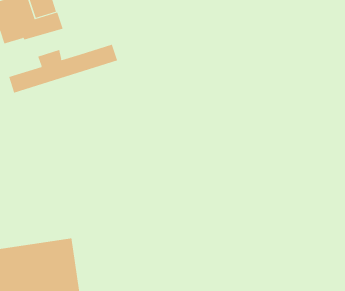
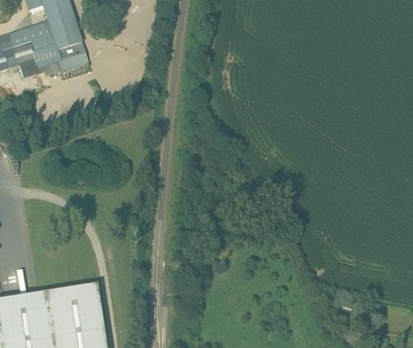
building: [8,44,118,93] -> none

